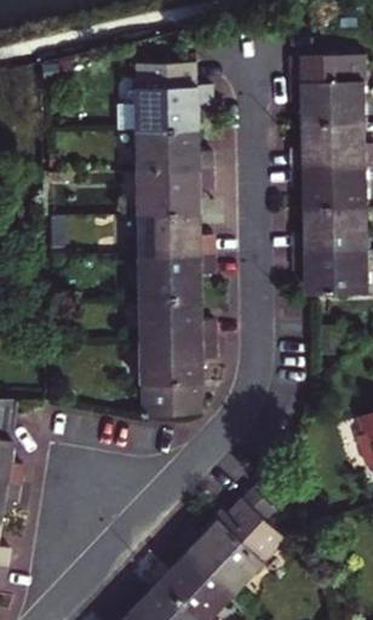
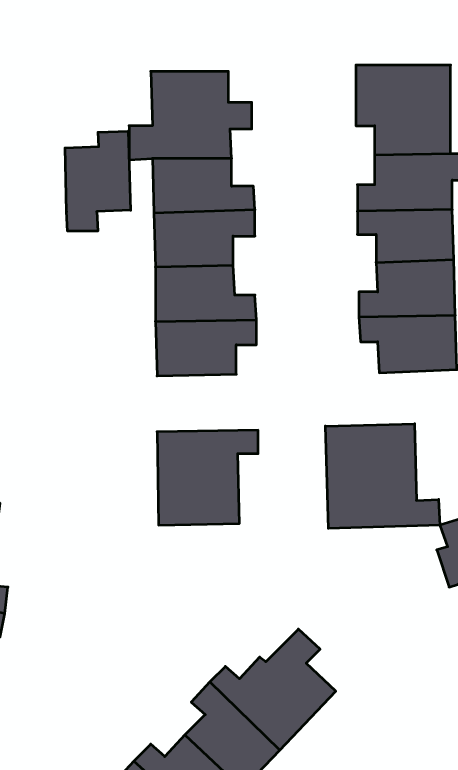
building: none -> [65,131,131,231]
building: [138,298,217,343] -> none
building: none -> [325,424,440,528]

